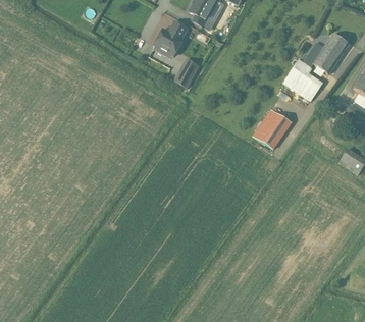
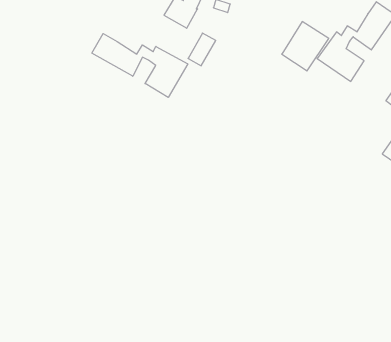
building: none -> [92,34,188,97]
building: [252,107,292,149] -> [282,22,329,71]

